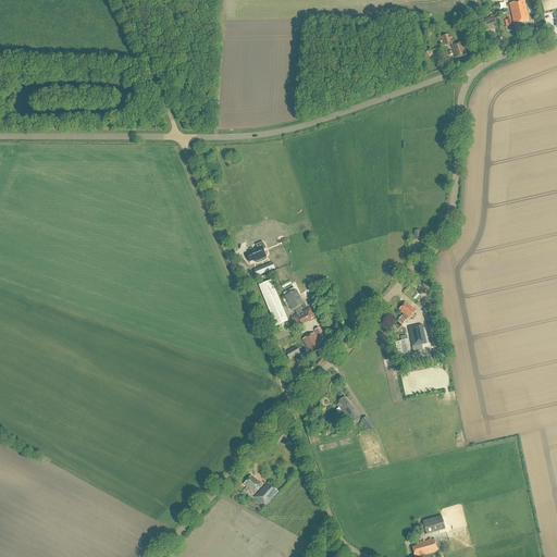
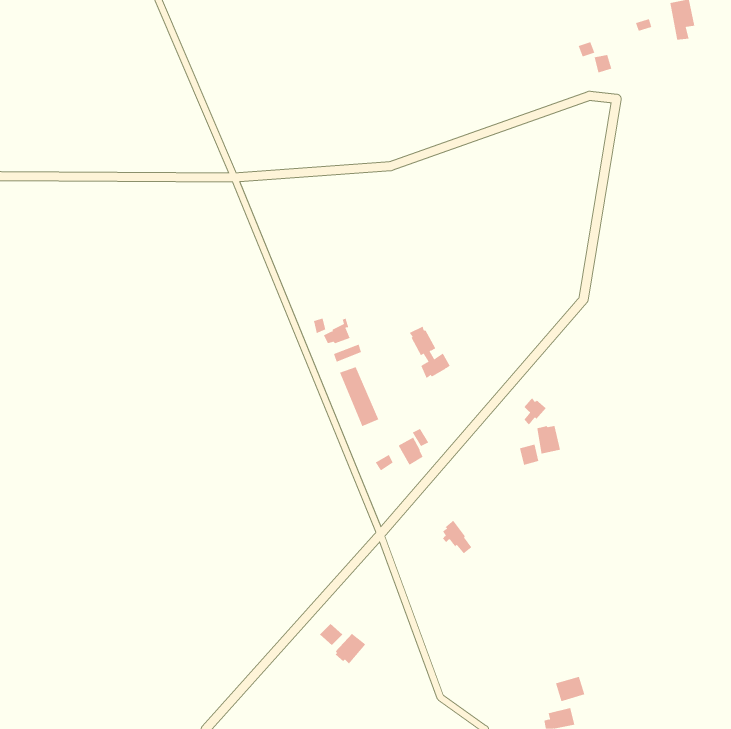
building: [283,285,314,325] -> [409,326,450,379]

